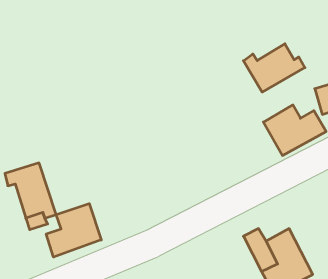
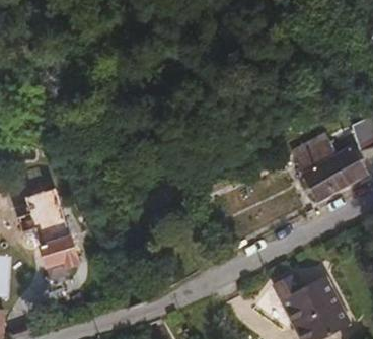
building: [243,44,305,92] -> none
building: [46,204,101,257] -> none

